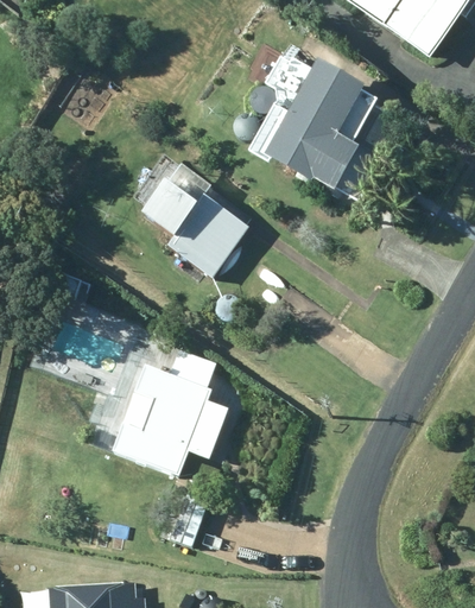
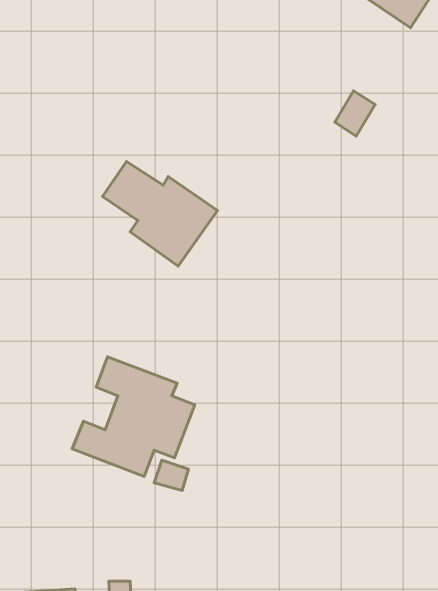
building: [266,58,365,189] -> none

